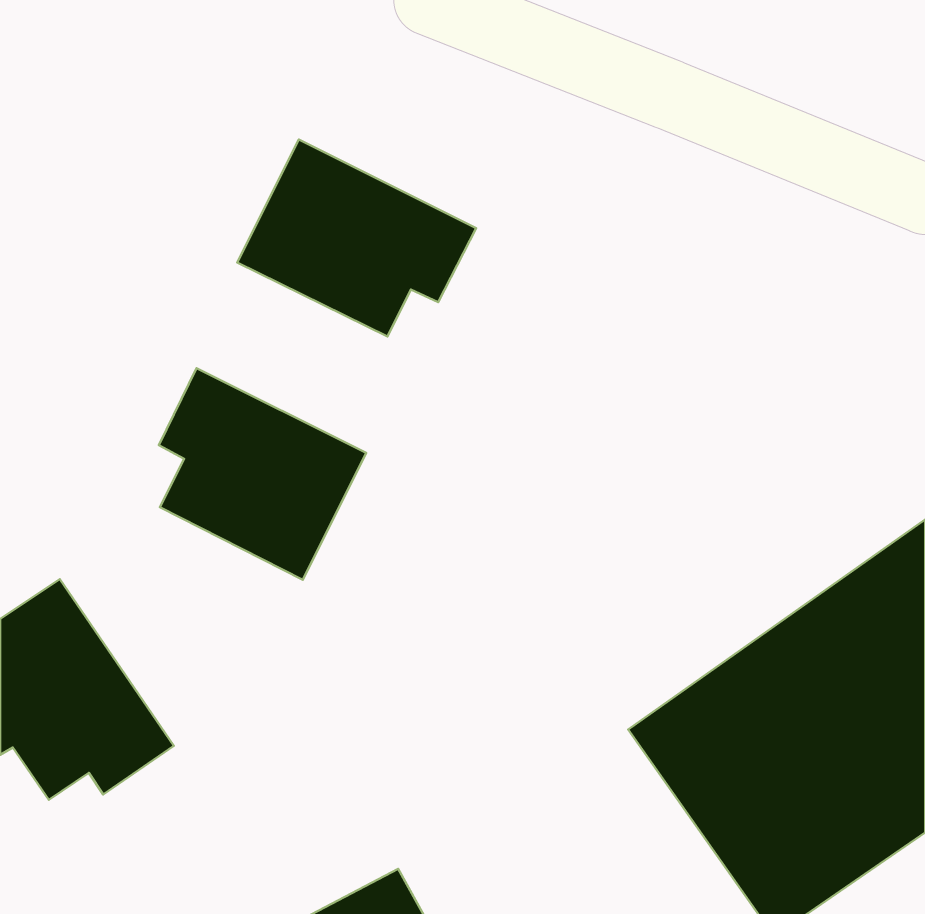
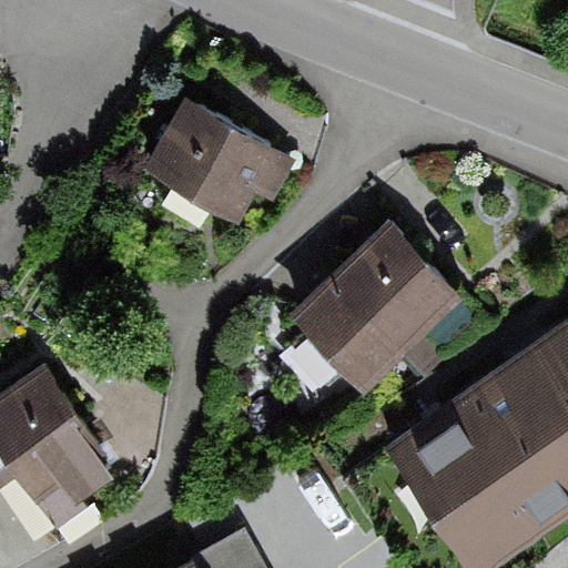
building: none -> [291,227,463,397]
building: [159,368,366,580] -> none

